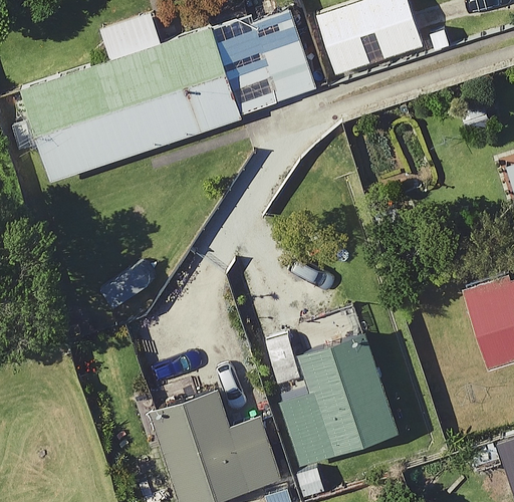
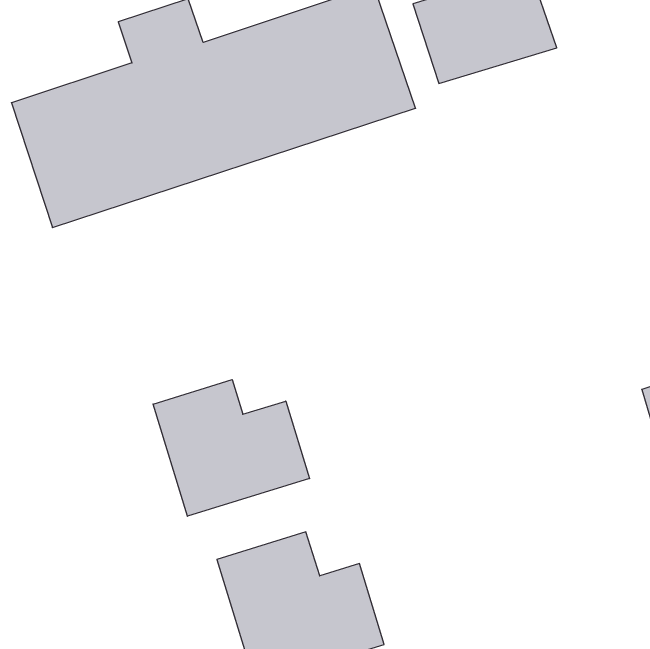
building: none -> [153,380,310,516]
building: [287,345,401,466] -> none

